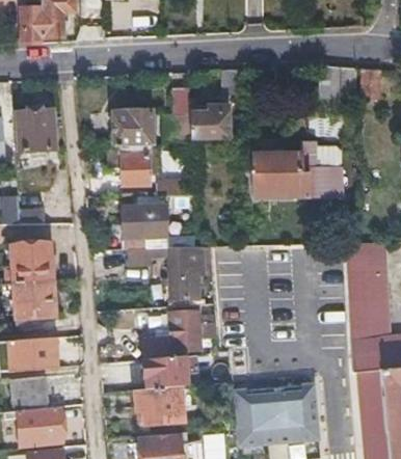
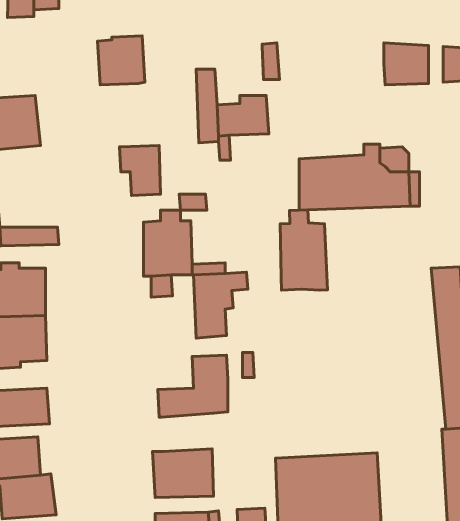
building: [110,109,148,147] -> [97,36,145,85]
building: none -> [280,210,327,290]
building: [144,357,187,387] -> none

